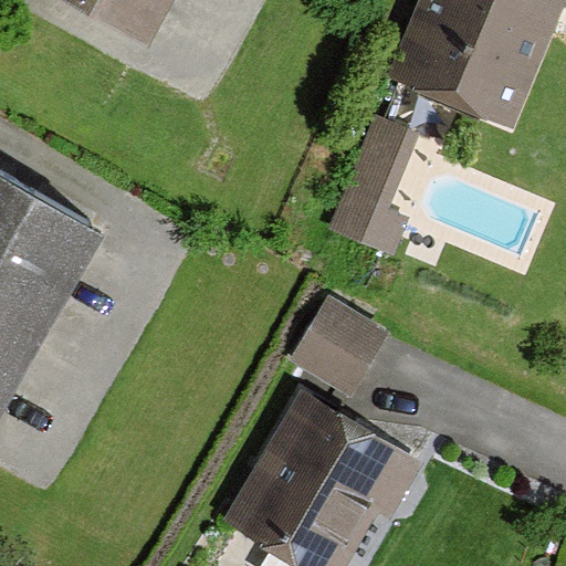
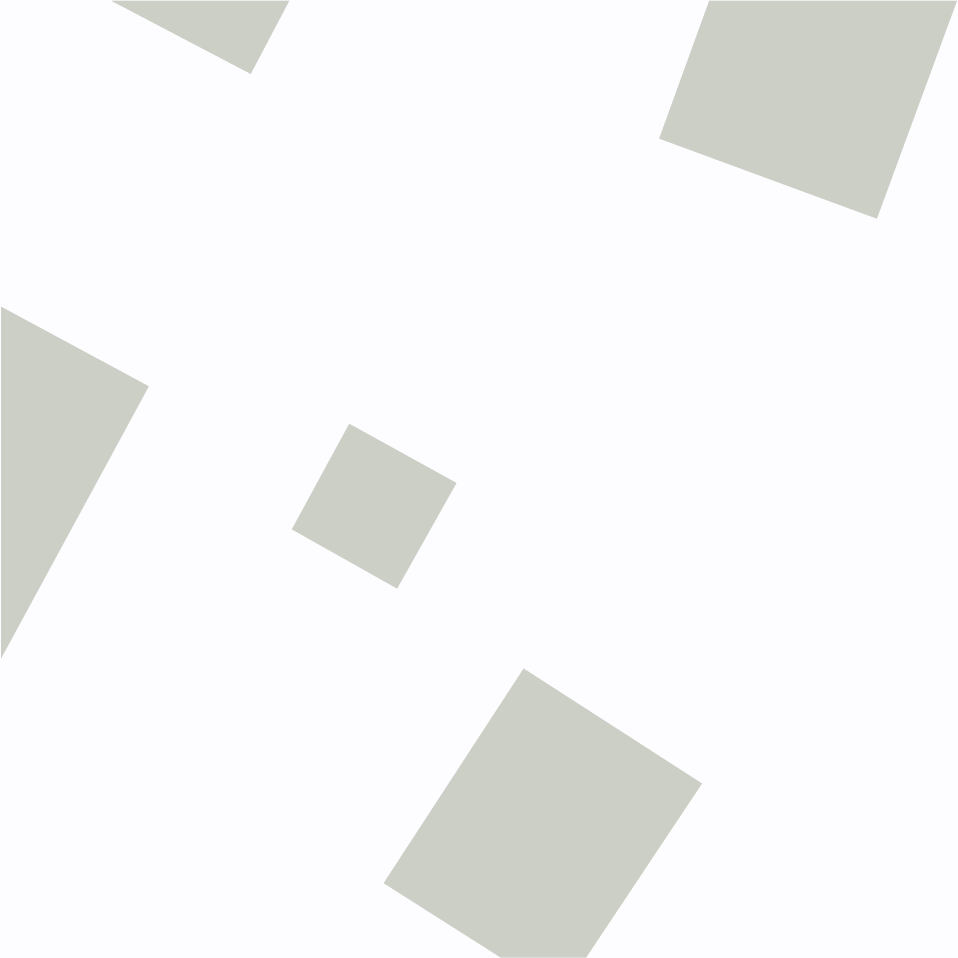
building: [334,101,424,240] -> none
building: [289,300,387,398] -> [291,423,458,590]

